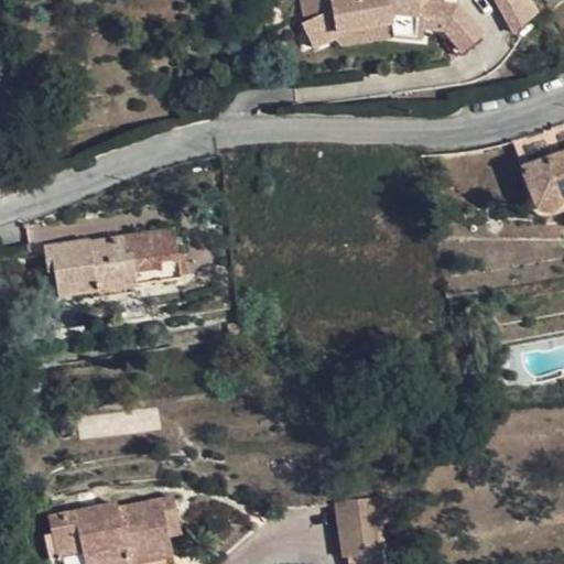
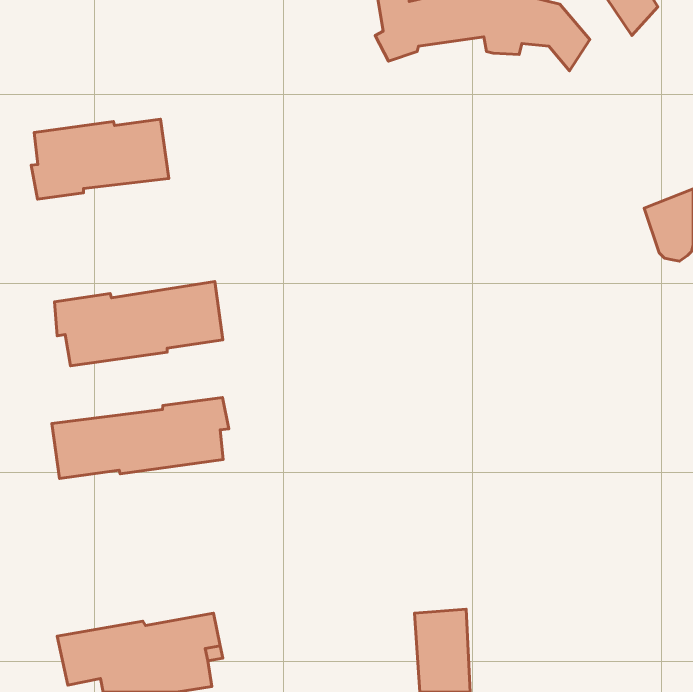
building: none -> [31,119,169,199]
building: none -> [52,397,229,478]

